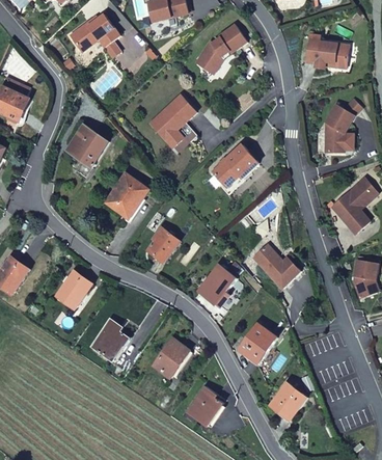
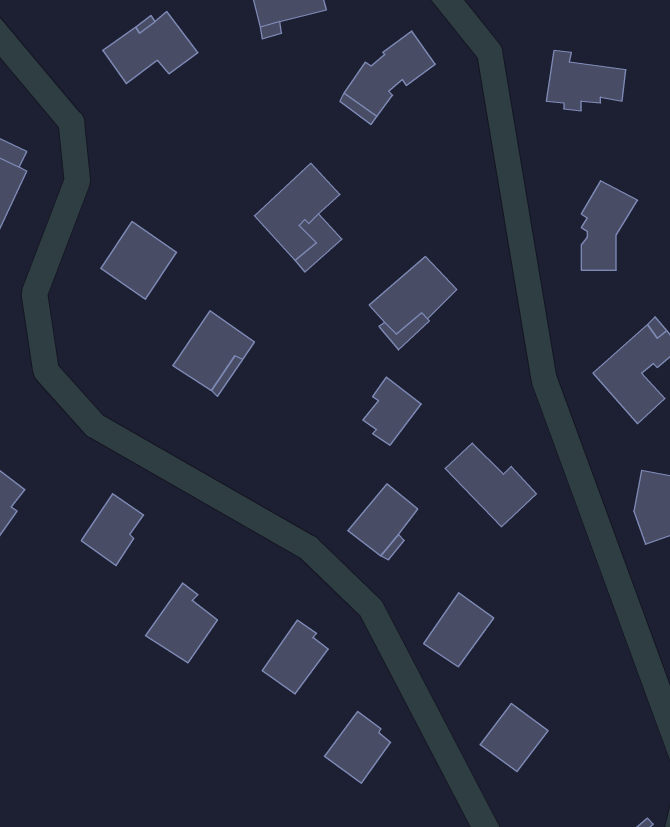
building: [148,226,180,263] -> [363,377,421,445]

